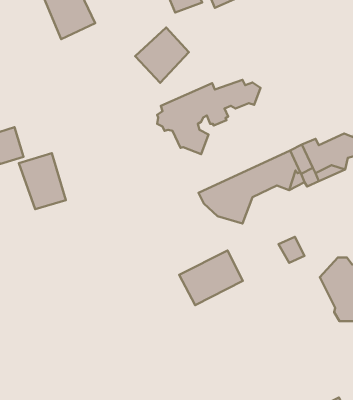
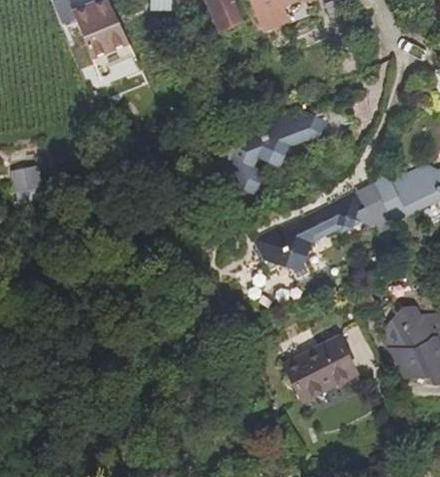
building: [135,27,189,83] -> none
building: [19,153,66,209] -> none
building: [179,250,243,305] -> [279,336,350,397]

